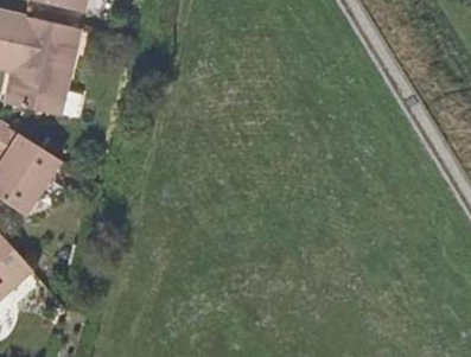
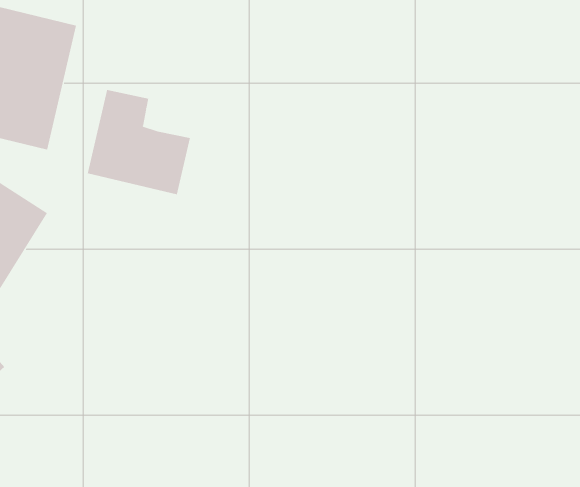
building: none -> [87,89,190,195]

